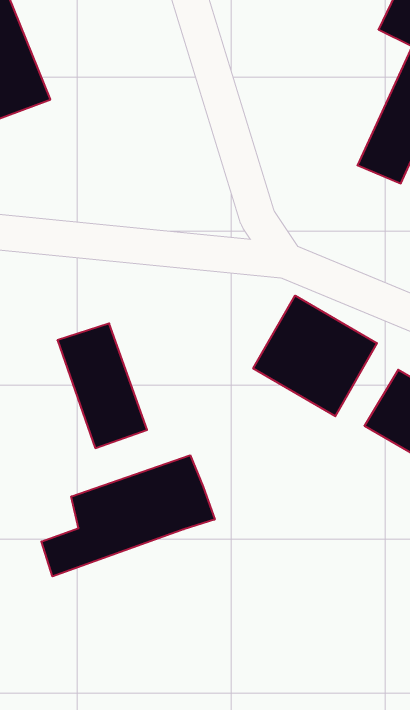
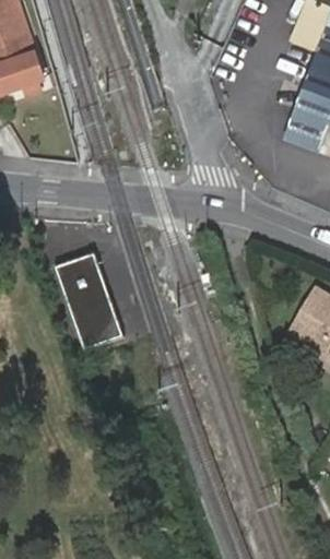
building: [253,296,377,416] -> none
building: [41,455,215,576] -> none

